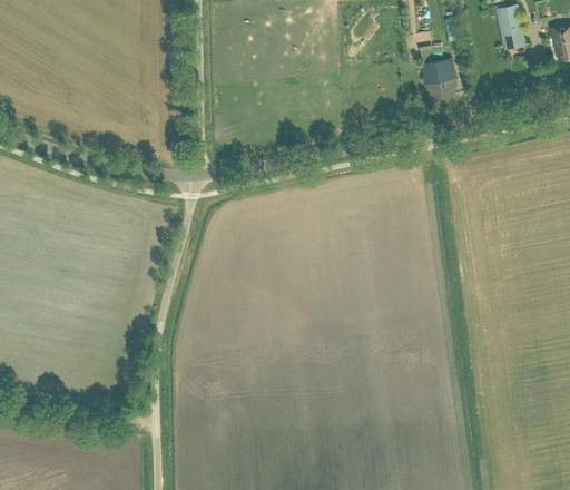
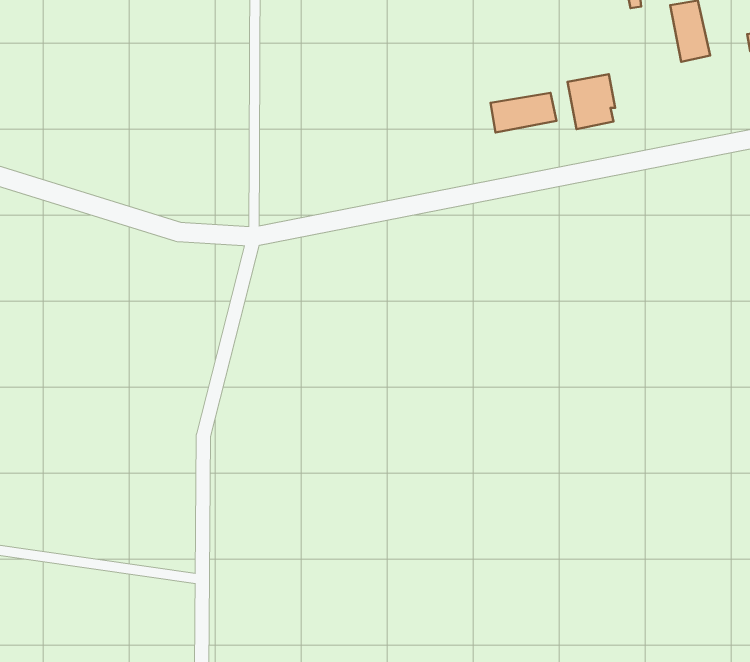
building: none -> [490,93,557,133]

